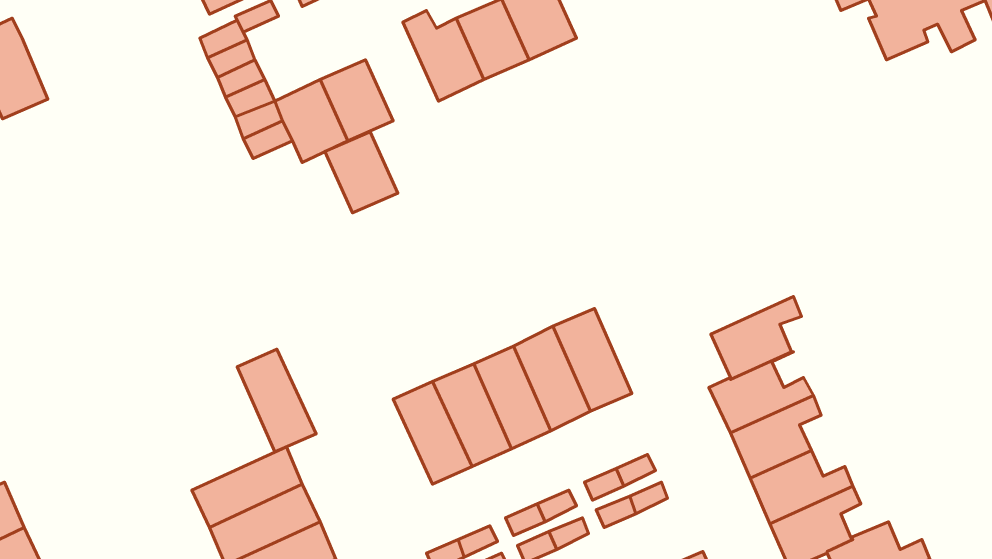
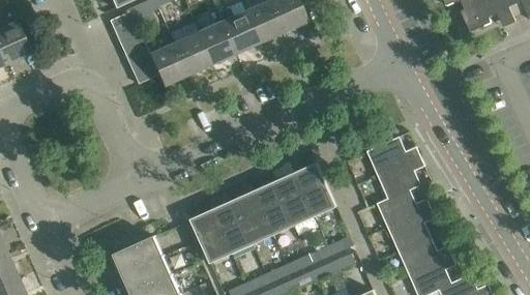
building: [325,132,398,213] -> [197,22,235,64]
building: none -> [366,137,421,176]
building: [237,349,316,452] -> [190,210,232,264]

